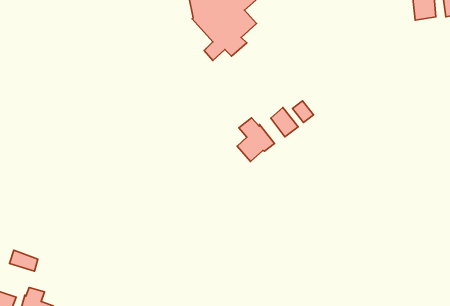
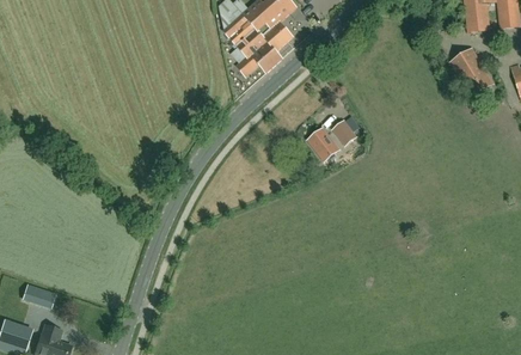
building: none -> [450,47,495,96]
building: [237,118,274,162] -> none

